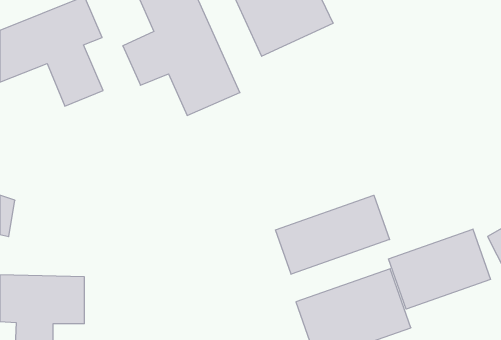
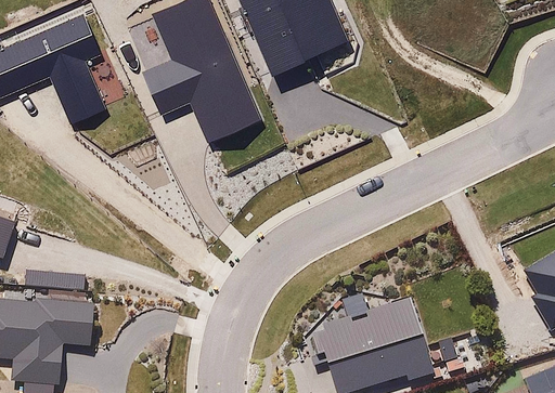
building: [275,195,390,274] -> none
building: [388,229,491,309] -> none

